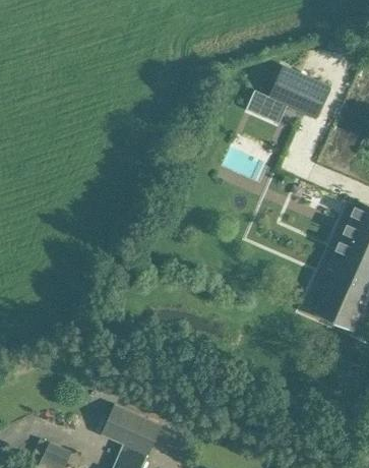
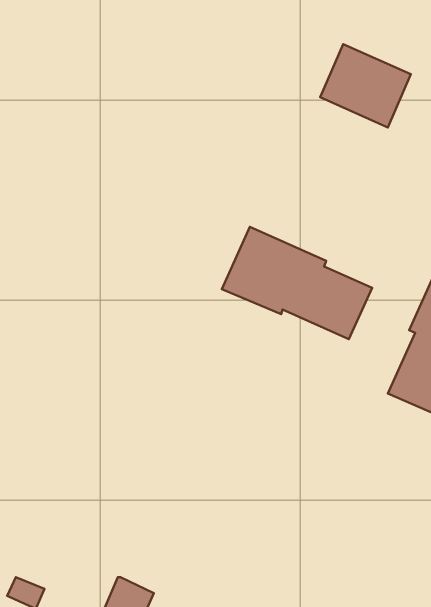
building: none -> [222,227,372,339]
building: [99,405,160,456] -> none

